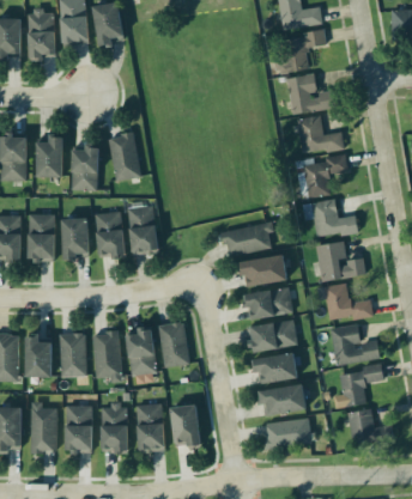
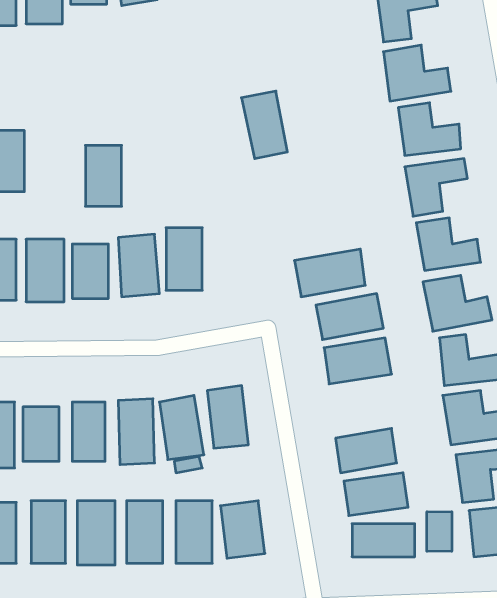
building: [108,133,141,182] -> [241,91,287,159]
building: [35,136,61,177] -> none
building: [249,321,297,352] -> none
building: none -> [427,512,452,551]

